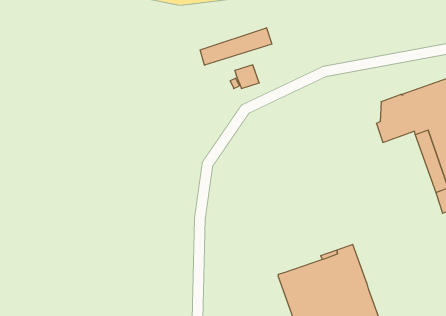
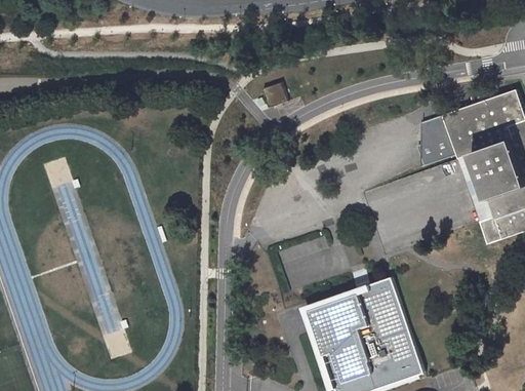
building: [200,28,272,65] -> none

